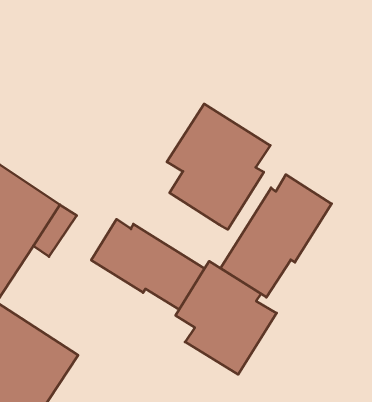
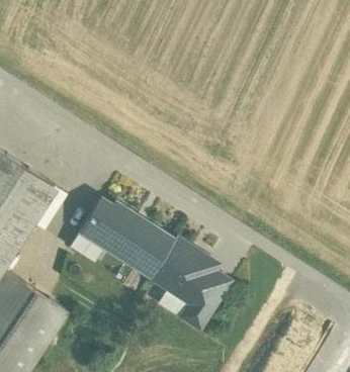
building: [167,104,270,229] -> none
building: [221,175,332,297] -> none

